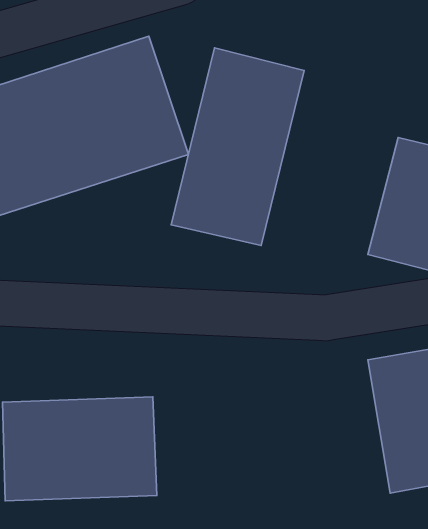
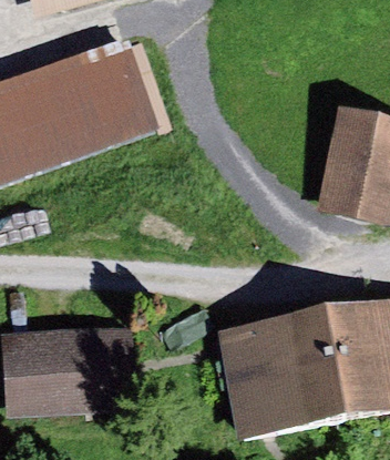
building: [171,48,304,246] -> none
building: none -> [213,306,336,435]

